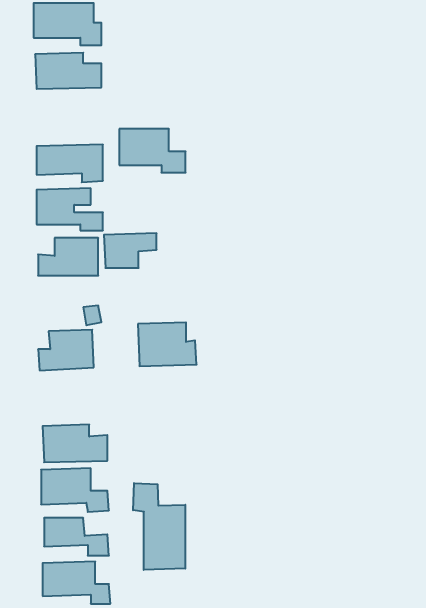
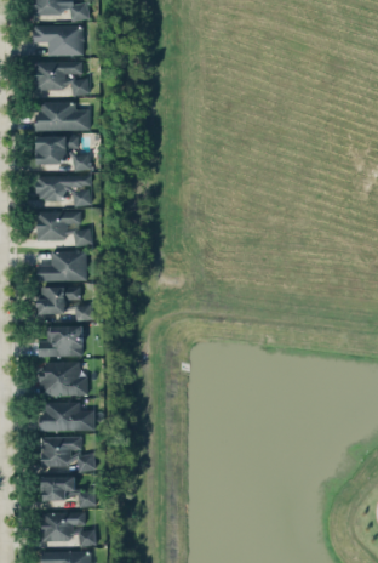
building: [119,129,186,173] -> [36,136,90,171]
building: [104,233,157,268] -> [38,286,80,314]
building: [138,322,197,366] -> [40,362,87,397]
building: [133,483,185,570] -> none

